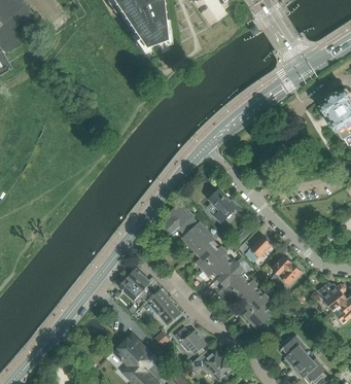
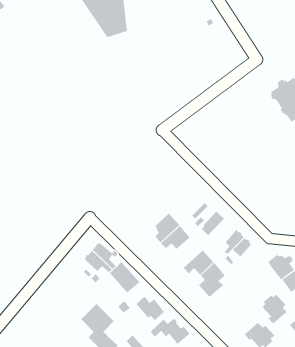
building: [209,187,238,222] -> none
building: [164,203,211,251] -> none
building: [218,261,248,296] -> none
building: [280,336,308,369] -> [262,294,287,324]

